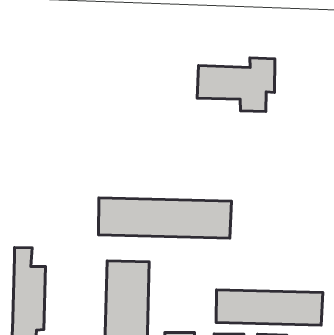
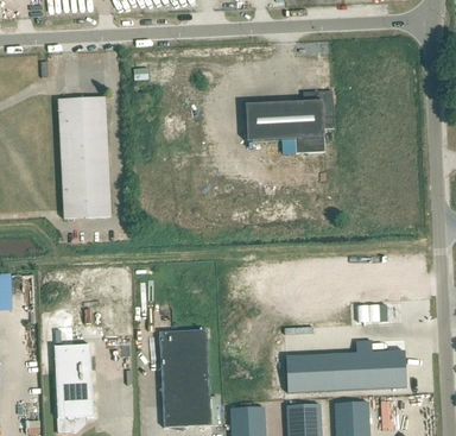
building: none -> [58,96,112,217]
building: [99,198,231,238] -> none

